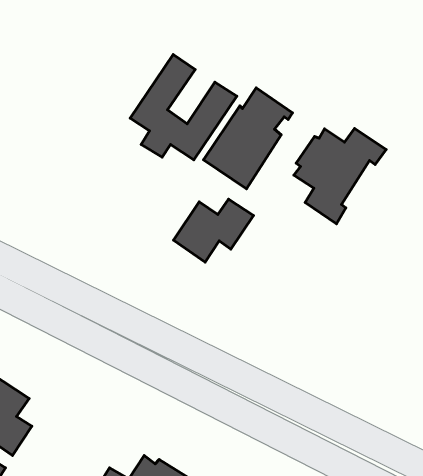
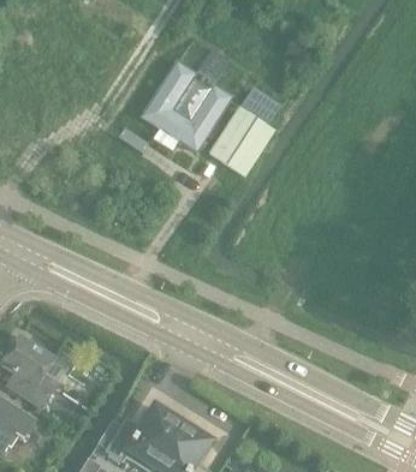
building: [294,128,386,224] -> none
building: [173,199,253,262] -> none

